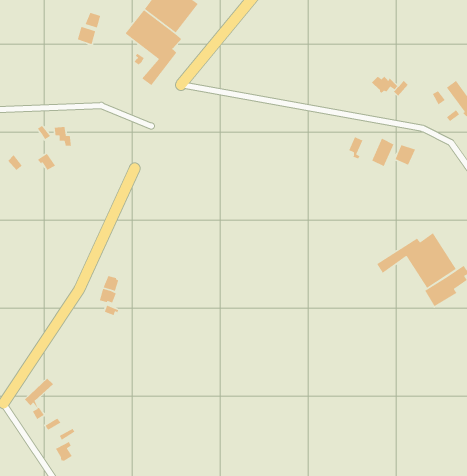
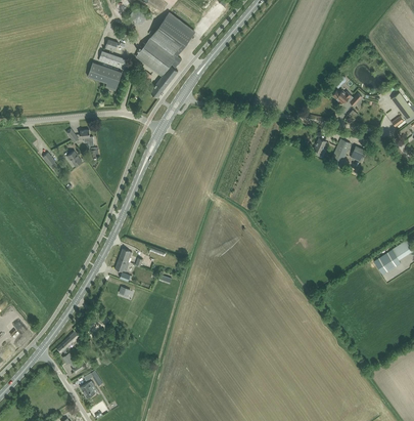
building: none -> [87,61,121,90]
building: [376,232,457,289] -> none

